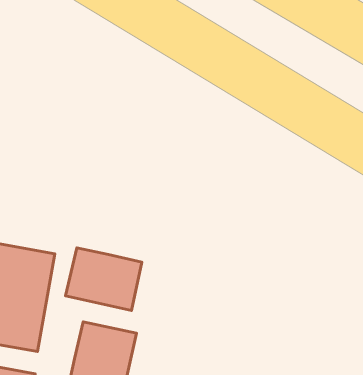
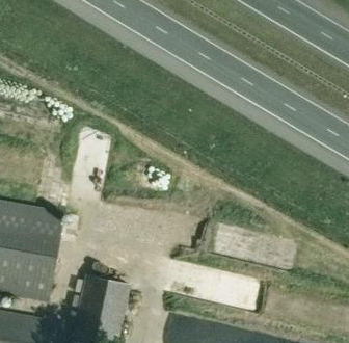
building: [65,248,142,311] -> none

